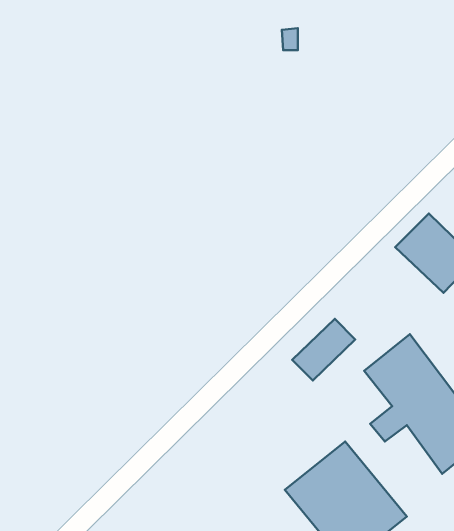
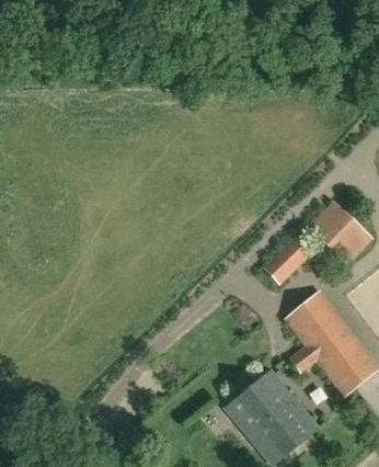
building: [292,319,355,381] -> [263,236,310,282]

